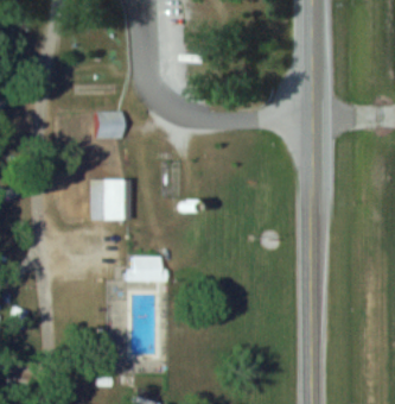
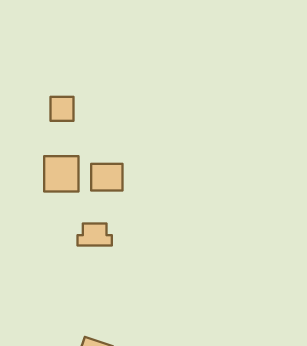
building: none -> [91,164,122,190]

